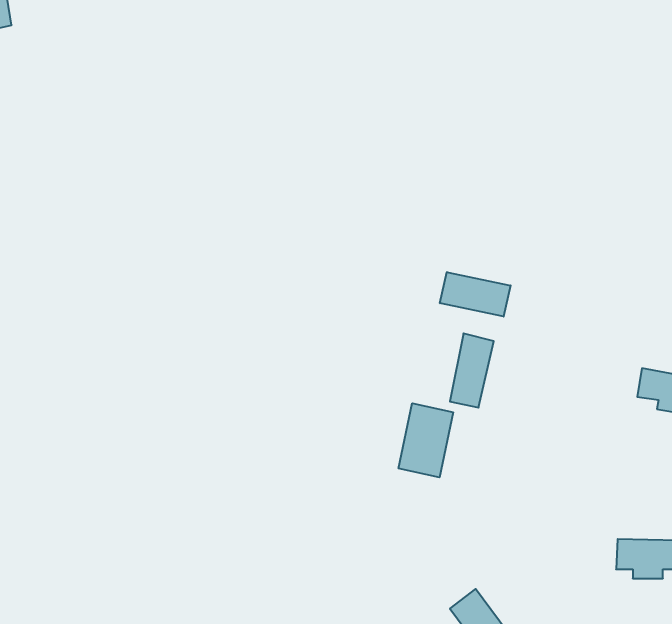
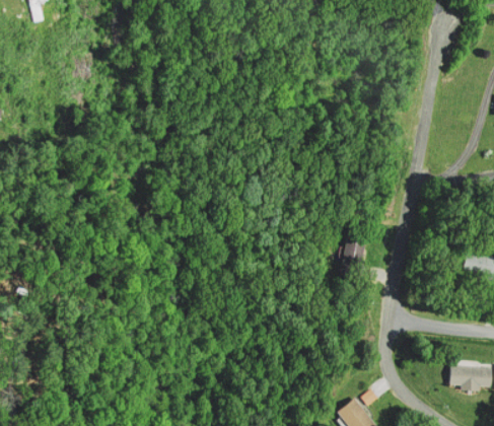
building: [440,272,511,317] -> none
building: [399,403,453,477] -> none

